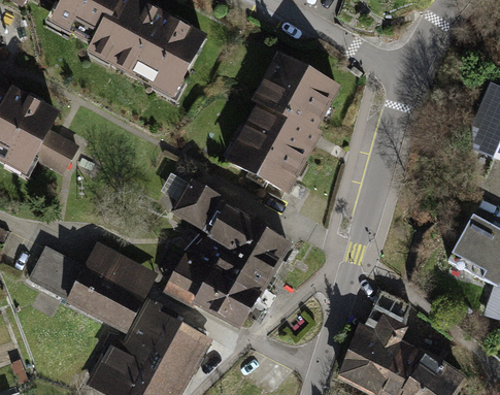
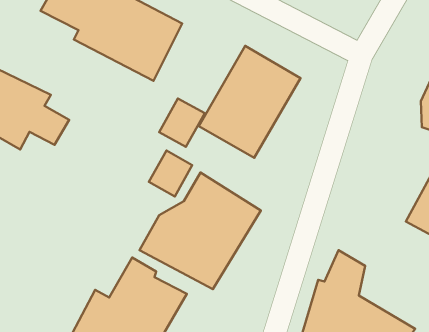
building: none -> [159,99,205,147]
building: [25,239,157,333] -> none

